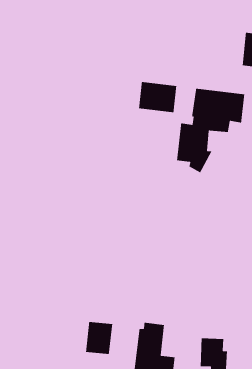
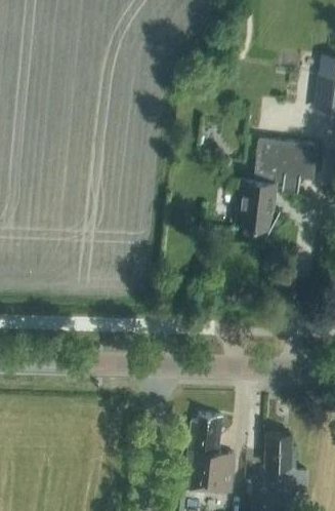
building: [138,81,177,113] -> none
building: [85,321,113,355] -> none

